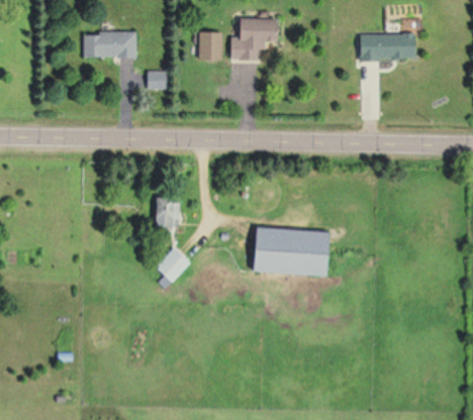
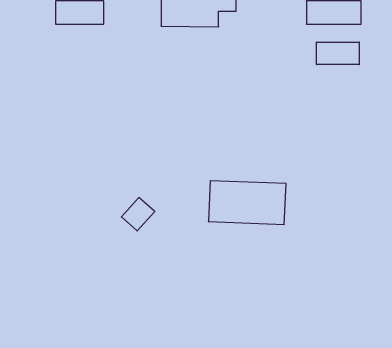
building: [148,71,169,89] -> none
building: none -> [317,42,359,65]
building: [157,200,179,228] -> none

